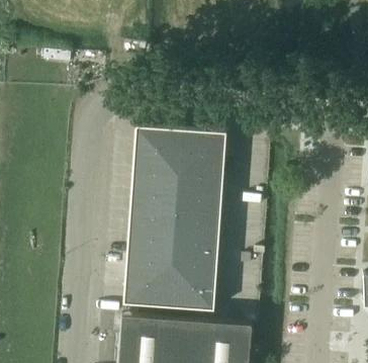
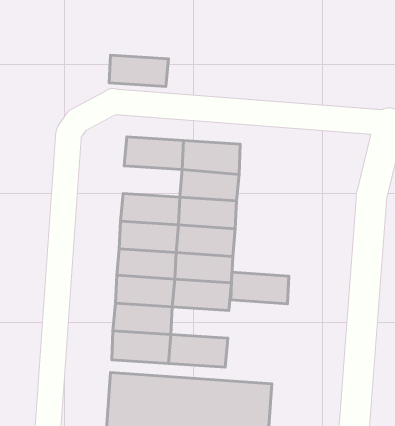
building: [132,151,180,176] -> [109,55,168,87]
building: [171,264,217,289] -> [231,272,289,304]

